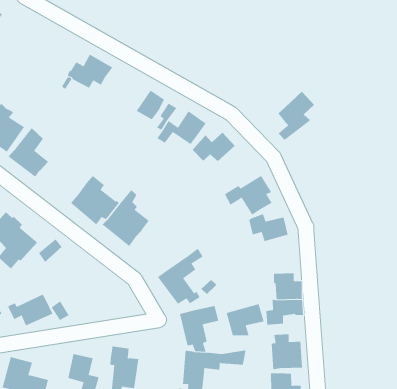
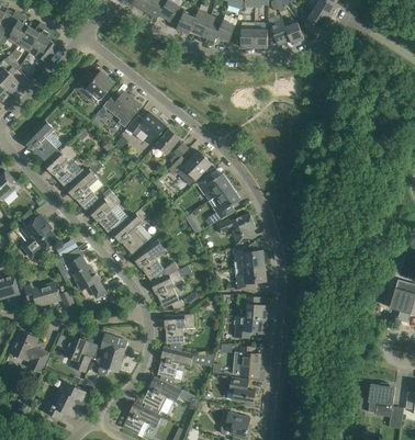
building: none -> [75,70,114,100]
building: none -> [126,112,166,140]
building: [277,91,315,140] -> [206,185,240,224]
building: none -> [66,160,103,210]
building: none -> [133,239,178,280]
building: none -> [66,256,103,293]
building: [226,304,265,336] -> [235,266,266,291]

